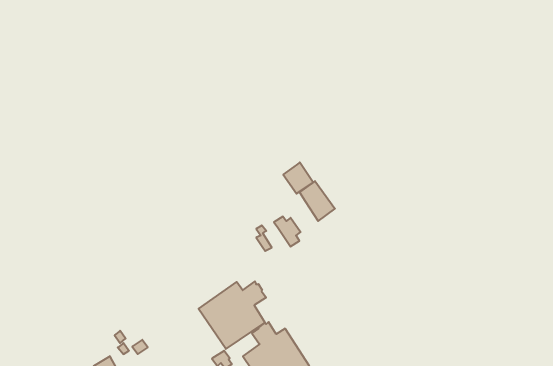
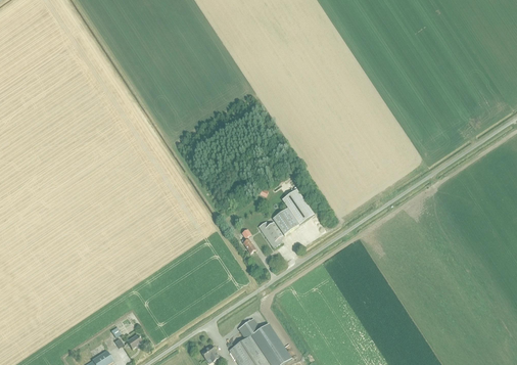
building: [283,162,313,194] -> [271,207,298,235]
building: [199,281,266,349] -> none

